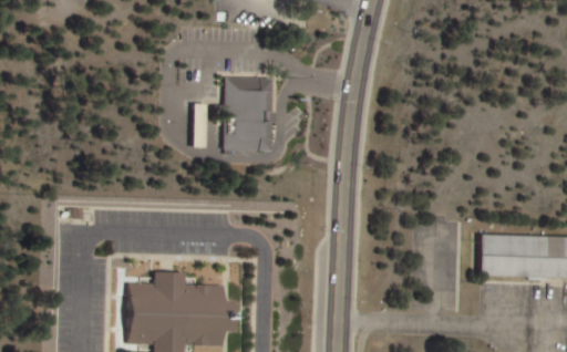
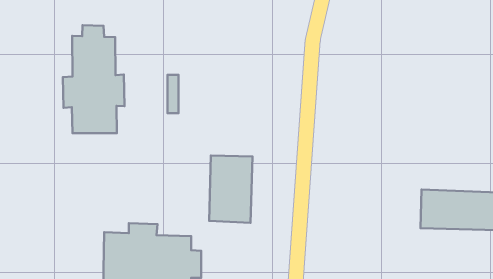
building: none -> [63,25,124,133]
building: [225,75,274,151] -> [209,155,253,223]

